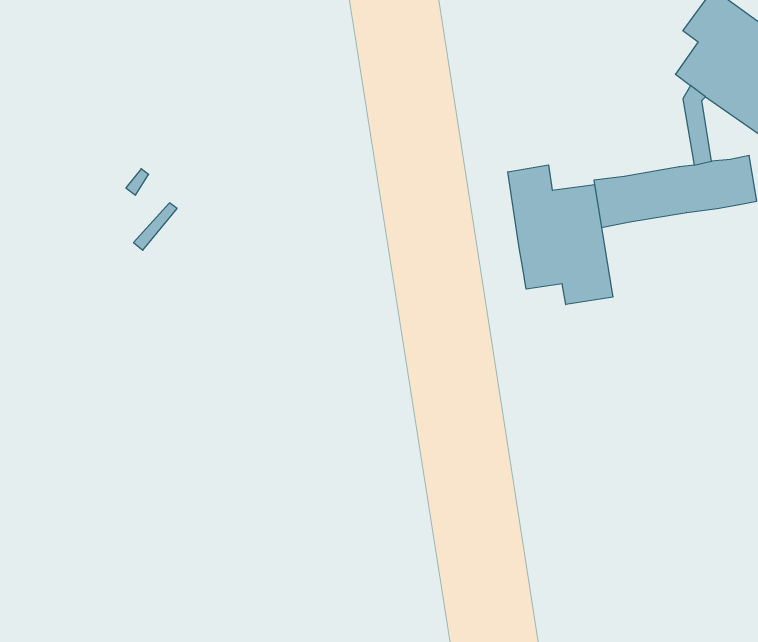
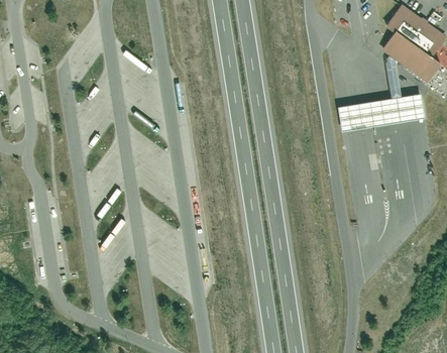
building: [508,165,613,305] -> none

